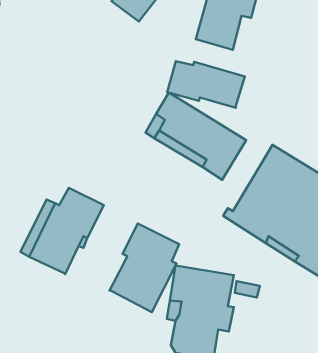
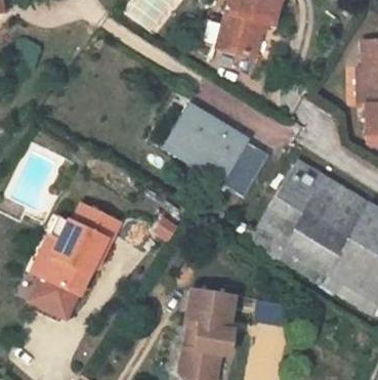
building: [167,61,245,108] -> none
building: [109,224,179,312] -> none
building: none -> [29,277,77,318]

